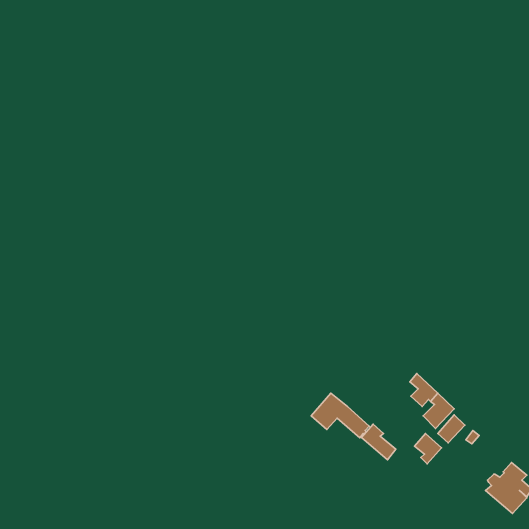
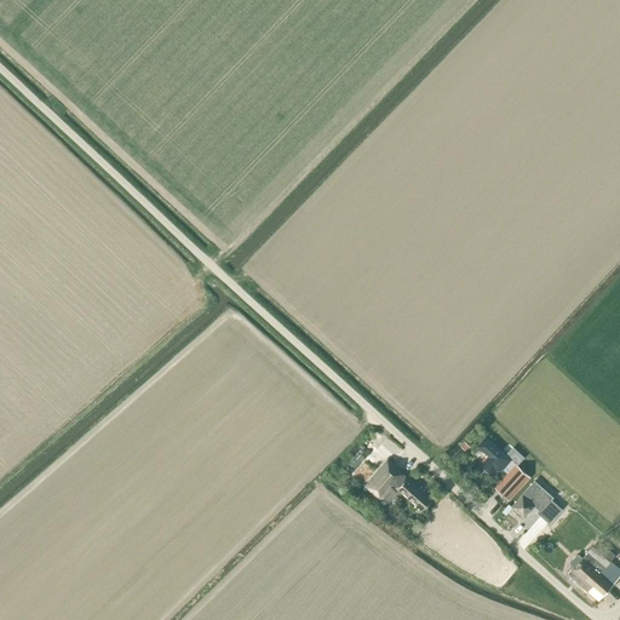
building: [362,424,396,460] -> none
building: [415,433,441,464] -> none

